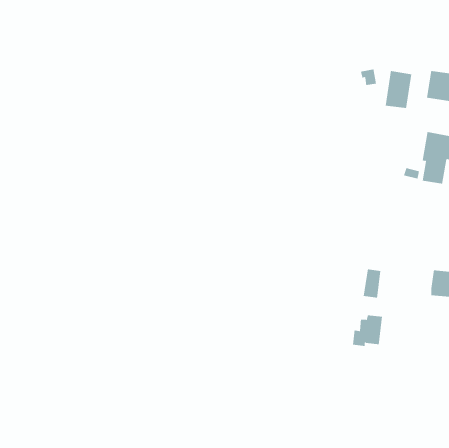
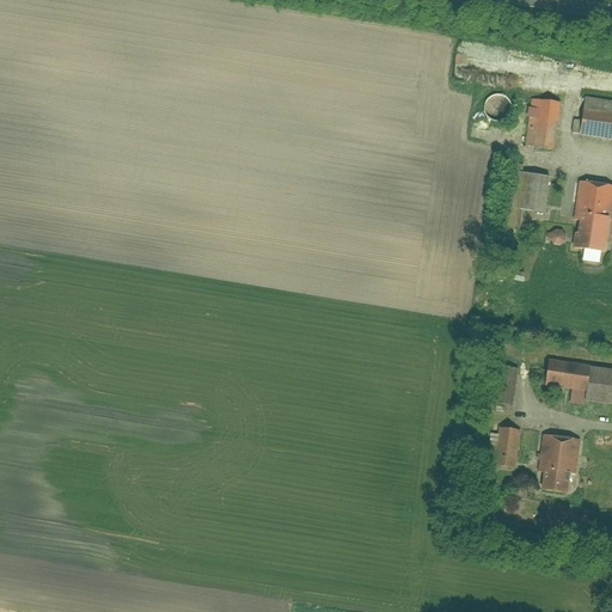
building: none -> [504,160,550,212]
building: none -> [545,359,590,391]
building: none -> [538,434,581,492]

